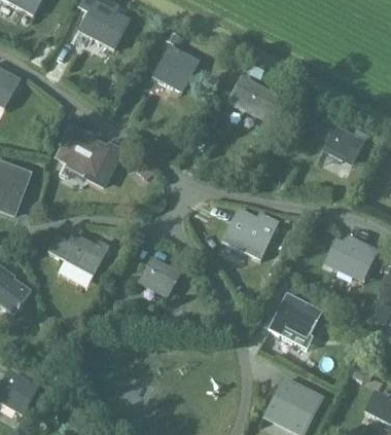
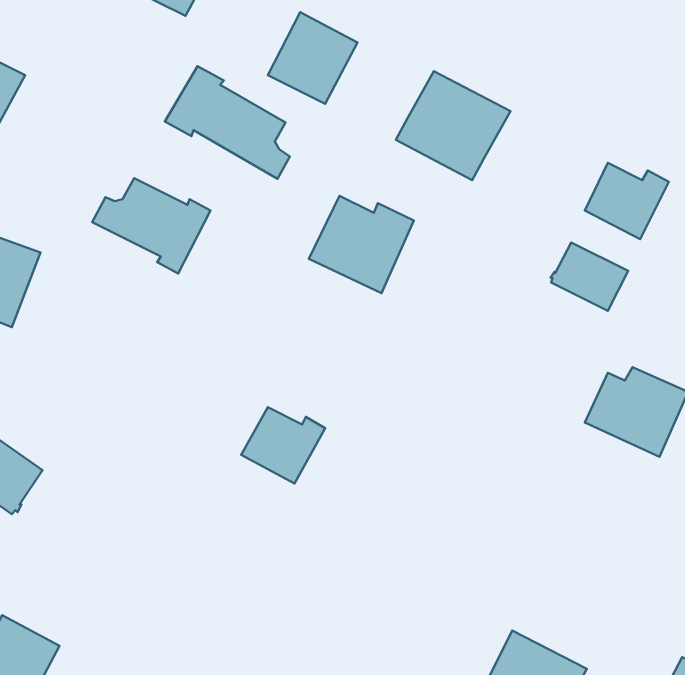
building: none -> [165,66,290,179]
building: none -> [550,242,628,311]
building: [221,208,278,260] -> [309,196,414,293]
building: [47,231,110,276] -> none
building: [268,293,322,348] -> none

